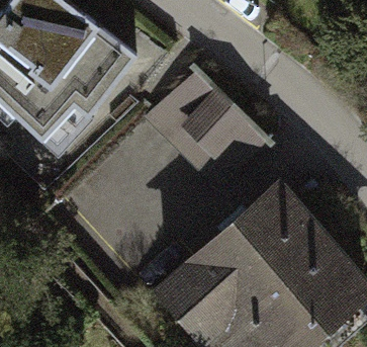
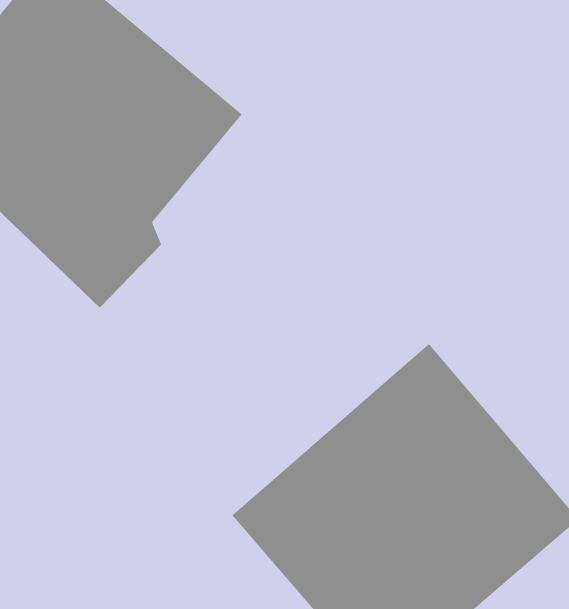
building: [143,68,270,195] -> none

